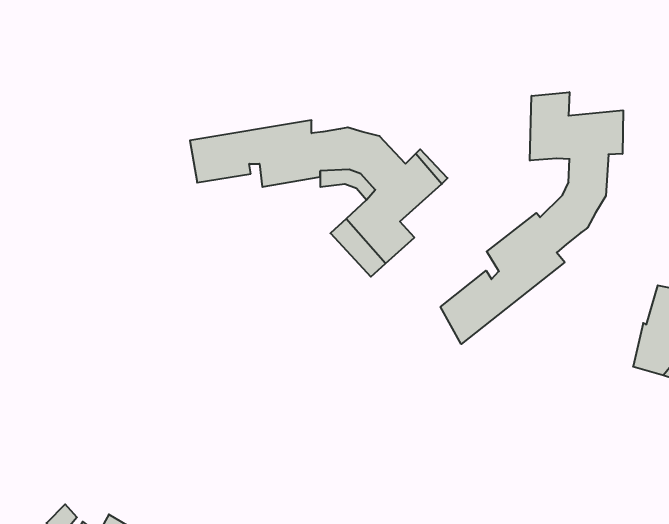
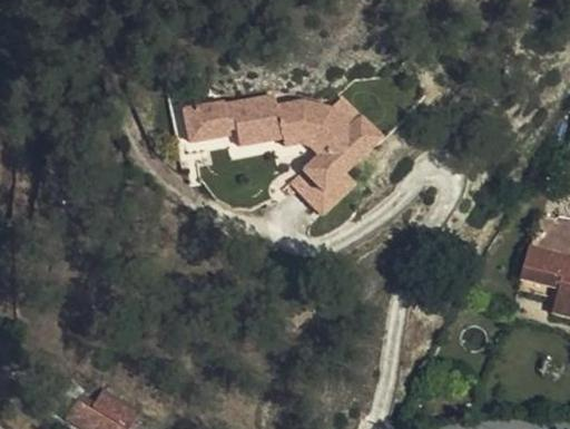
building: [441,92,623,344] -> none

